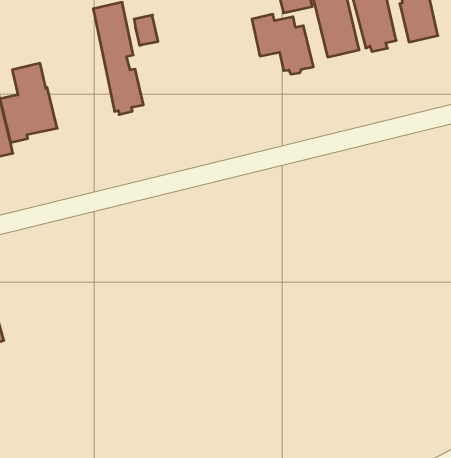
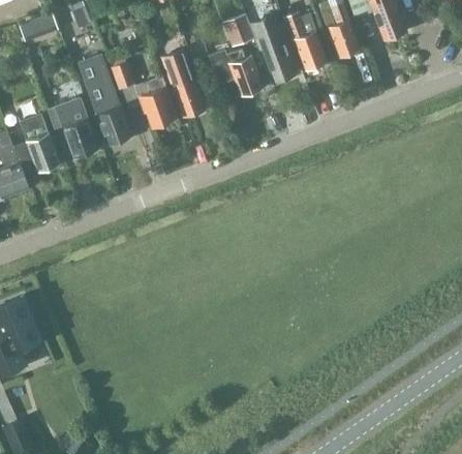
building: none -> [160,50,208,116]
building: none -> [134,77,176,127]
building: none -> [55,96,97,156]

